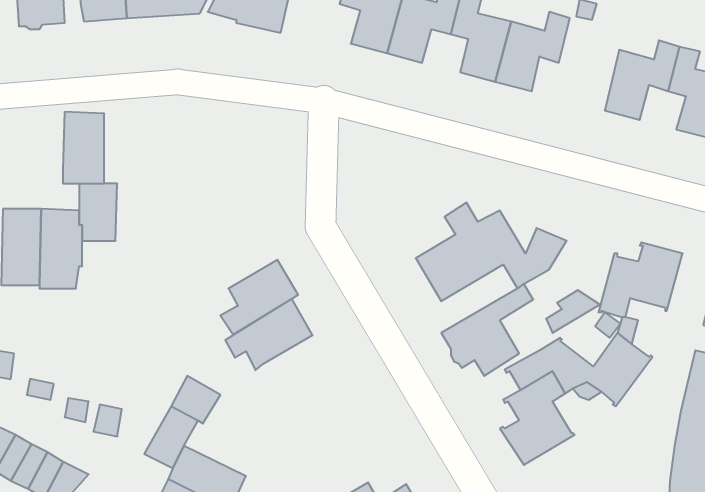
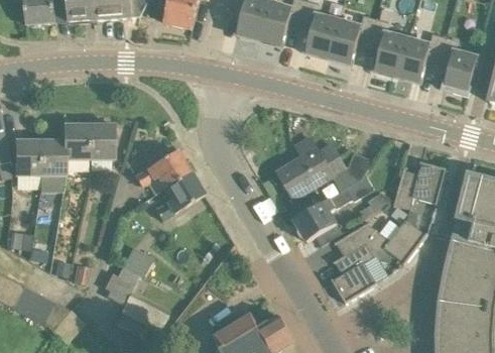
building: none -> [368,19,406,78]
building: [63,112,104,184] -> [87,124,113,169]
building: [225,299,313,370] -> [134,149,190,195]

